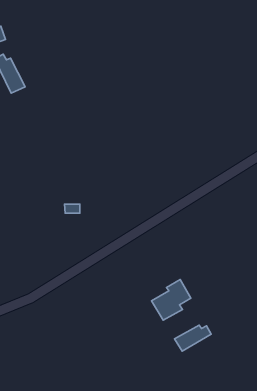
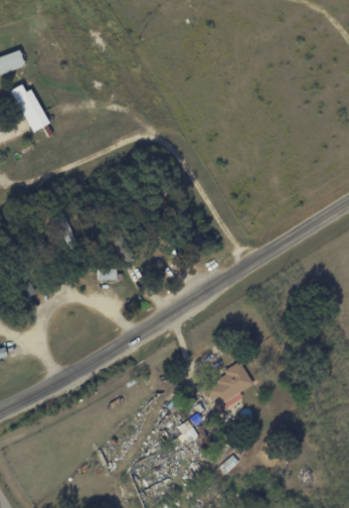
building: [175,325,211,351] -> none

